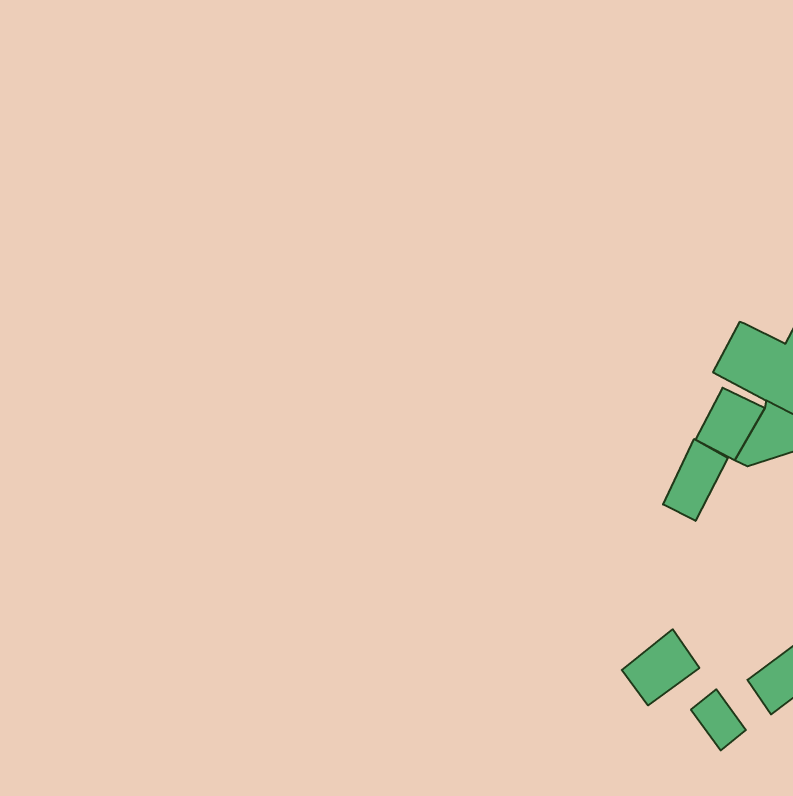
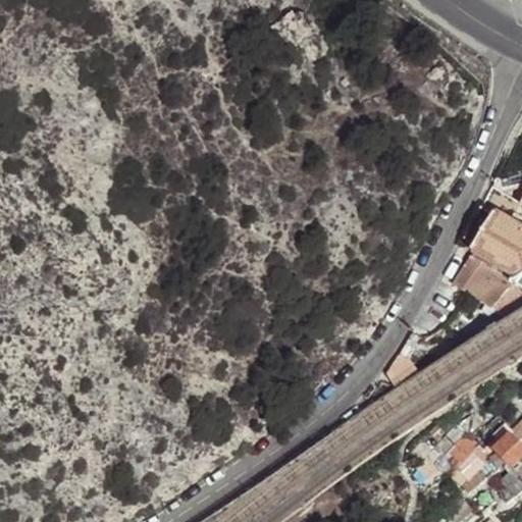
building: [663,439,728,521] -> none
building: [622,629,699,705] -> none

